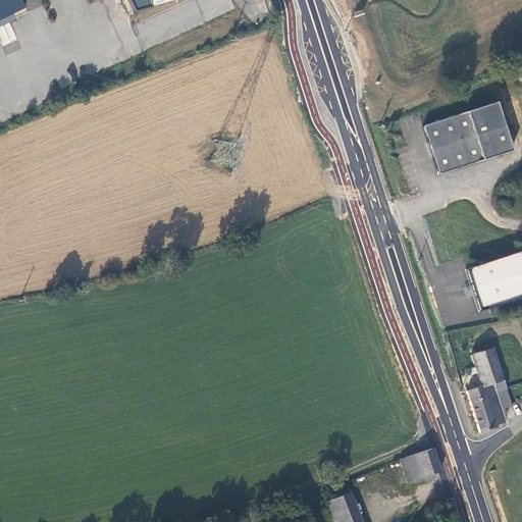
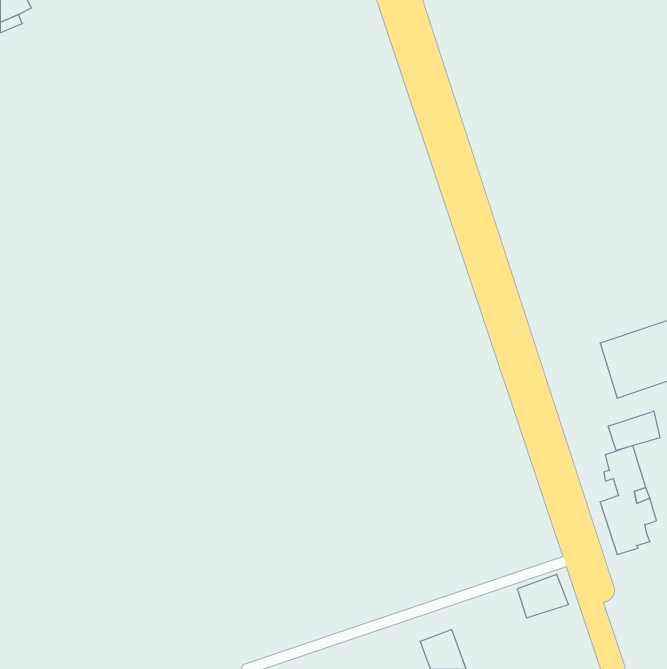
building: [423,101,512,173] -> none
building: none -> [608,411,660,450]

